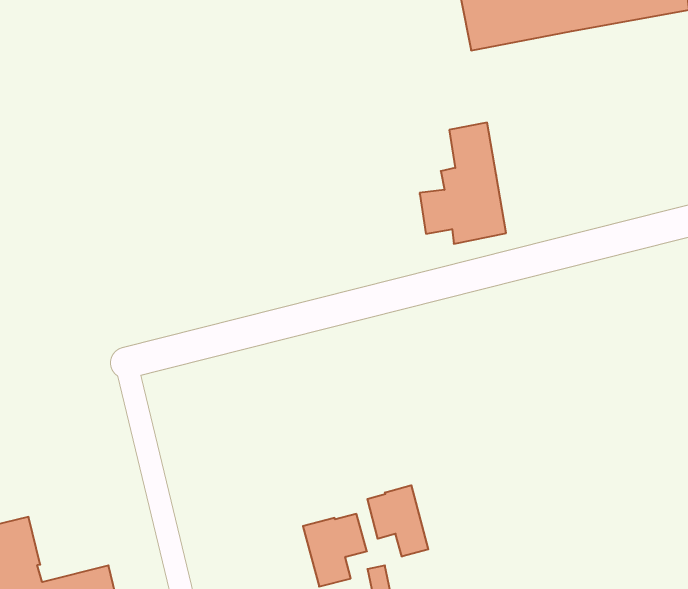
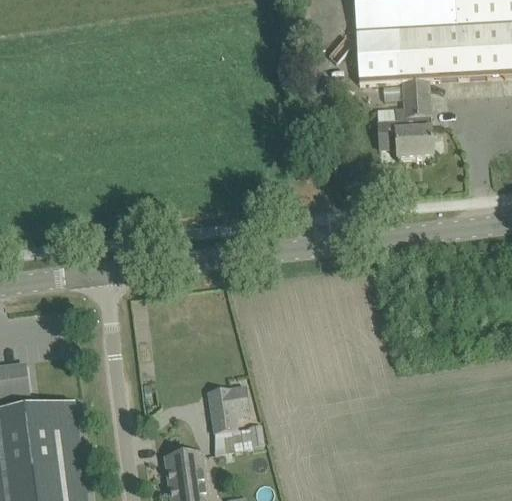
building: [420,123,506,244] -> [378,78,433,157]
building: [367,485,428,557] -> none

